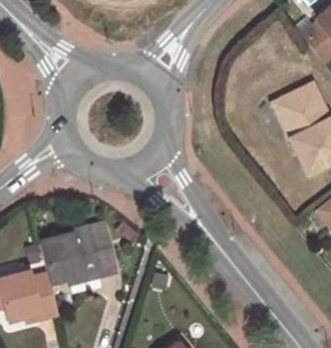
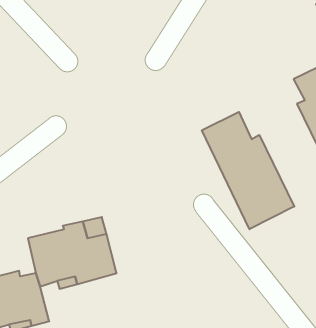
building: none -> [202,112,294,229]

